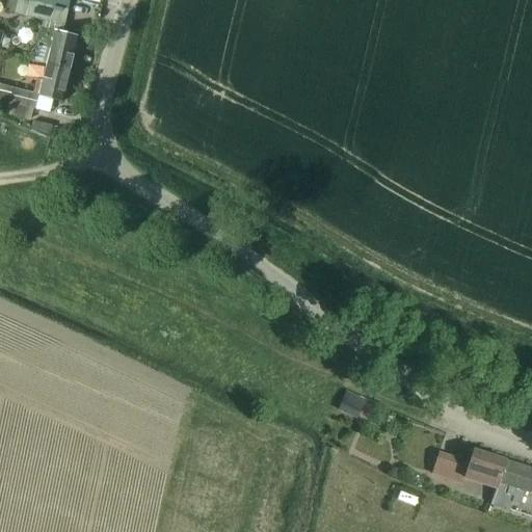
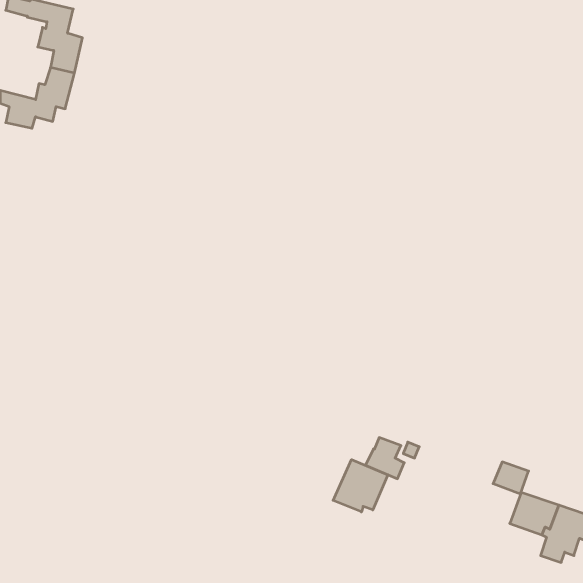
building: none -> [333,460,388,512]
building: [433,450,466,479] -> [493,462,529,494]

